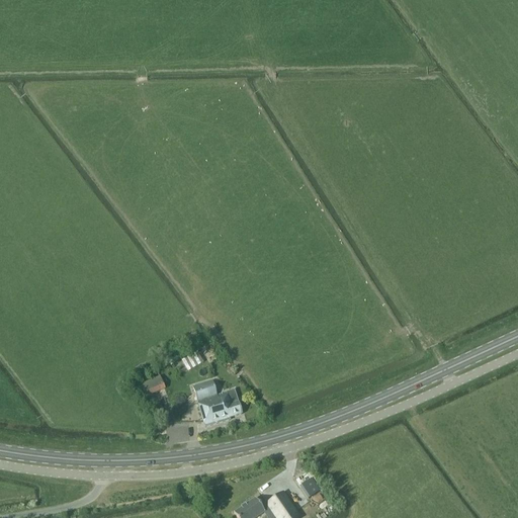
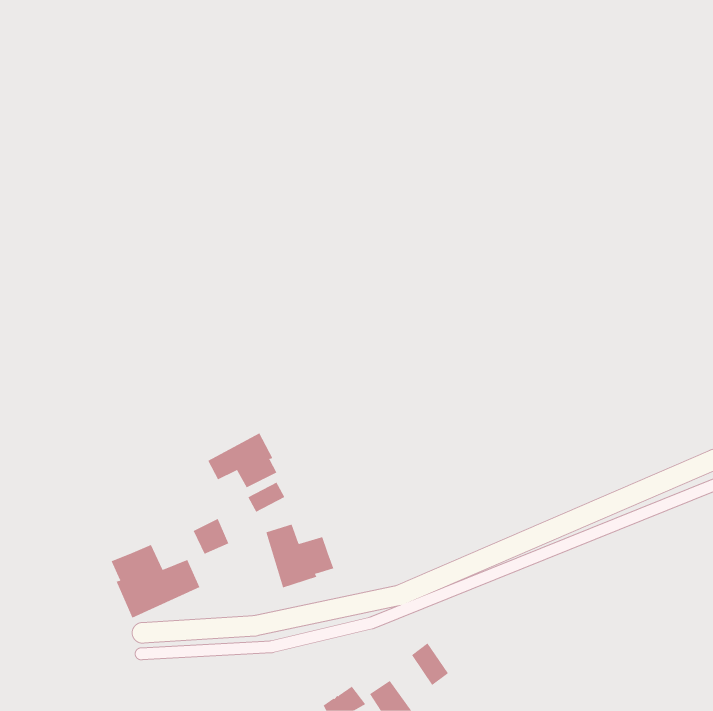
building: none -> [208,432,277,488]
building: none -> [111,544,200,619]

